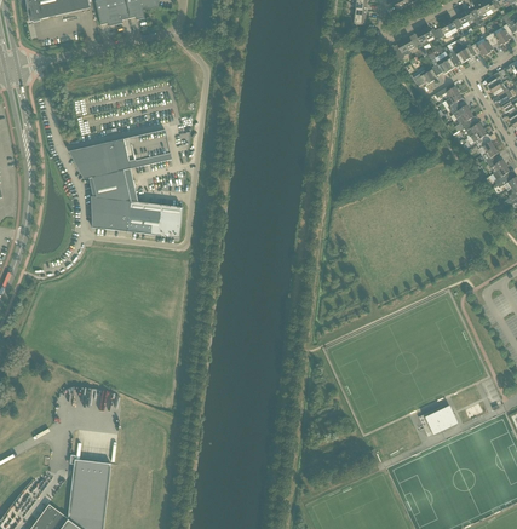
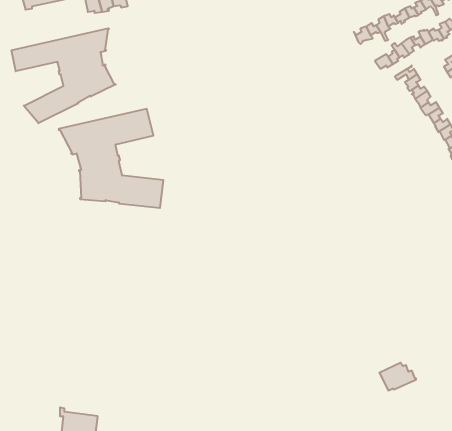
building: none -> [12,28,116,123]

